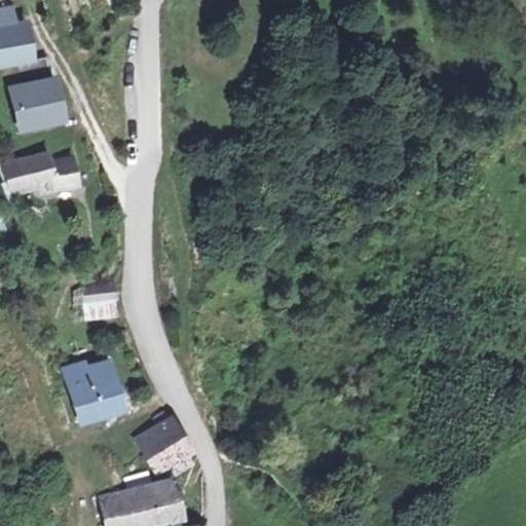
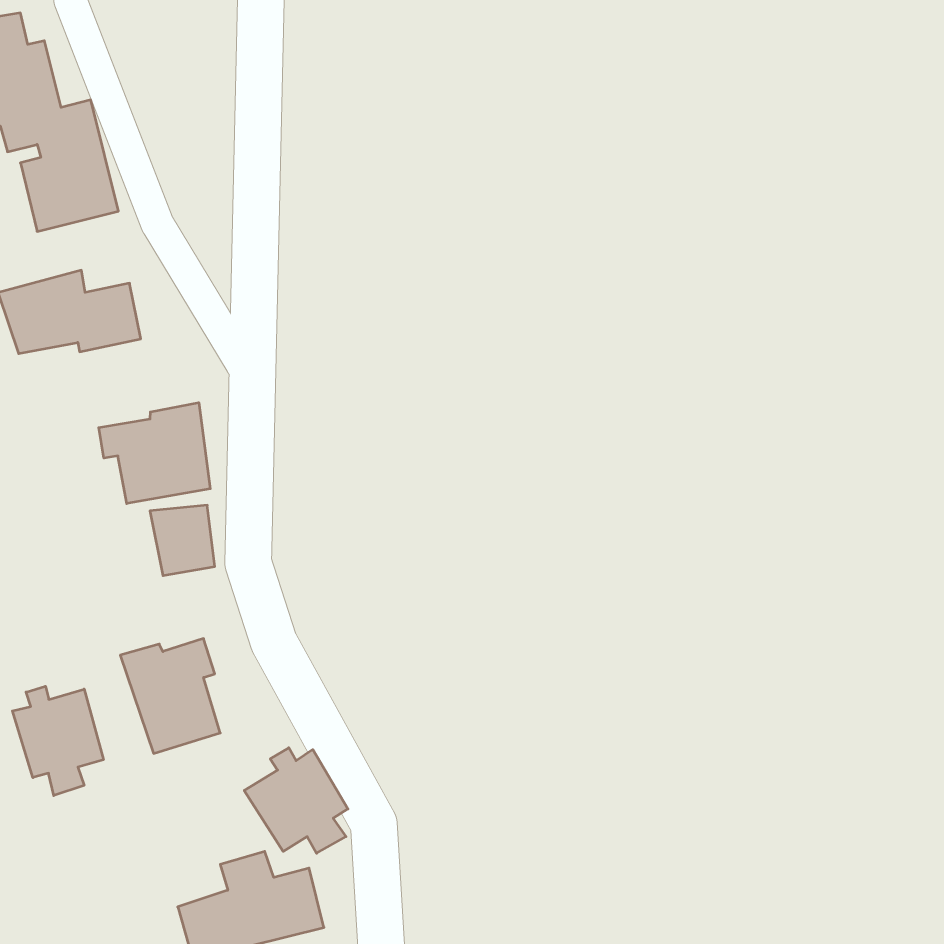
building: none -> [99,403,210,504]
building: none -> [12,686,103,796]

